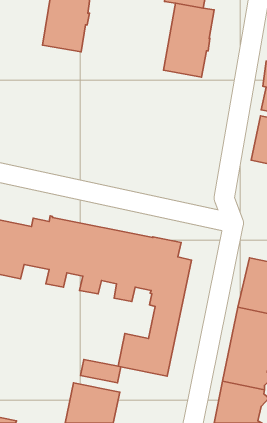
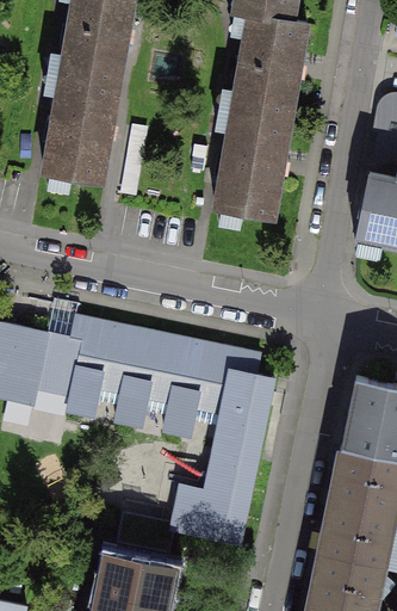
building: none -> [46,73,118,181]
building: none -> [217,109,289,217]

